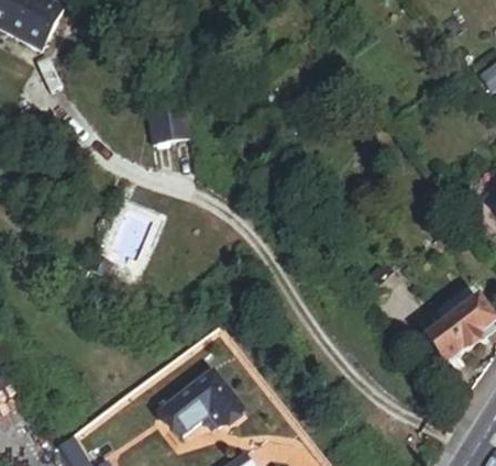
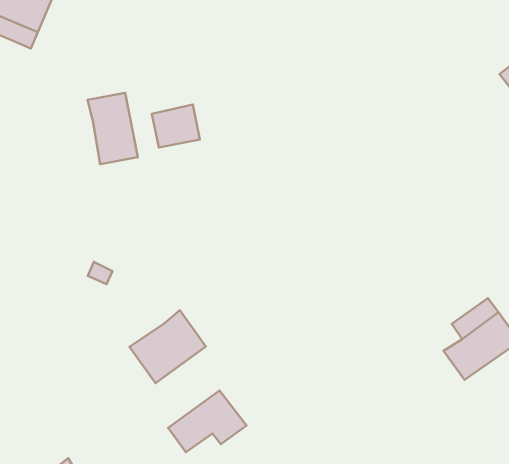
building: none -> [87,93,138,164]
building: none -> [130,310,206,383]

